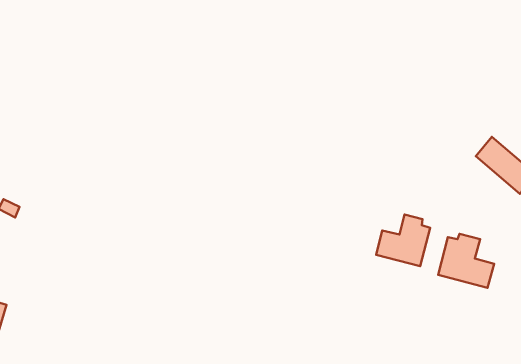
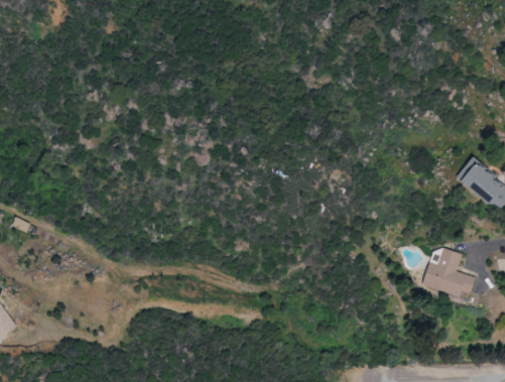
building: [376,215,430,266] -> none

